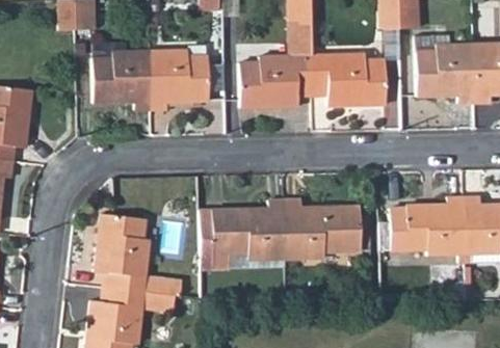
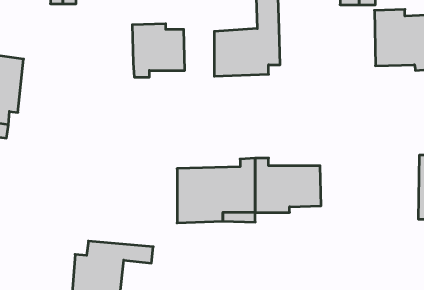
building: [93,45,153,111] -> none
building: [311,55,384,106] -> none
building: [391,195,464,265] -> none
building: [97,214,182,296] -> none

